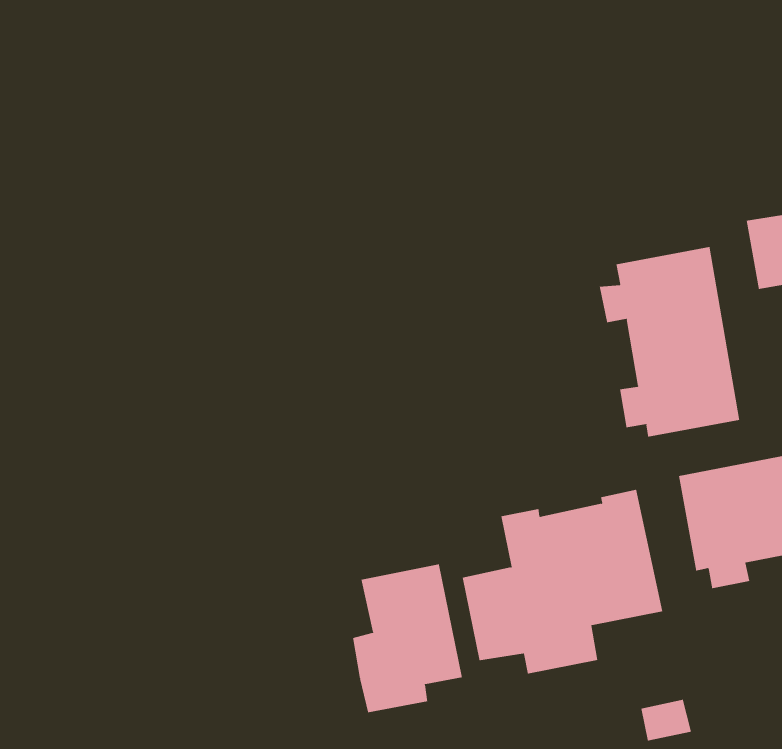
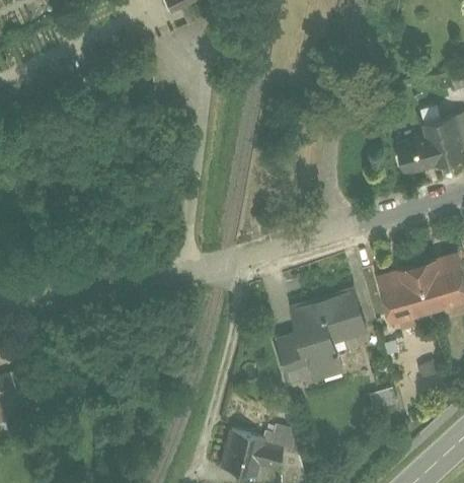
building: [599,246,740,437] -> none
building: [353,564,462,713] -> none

